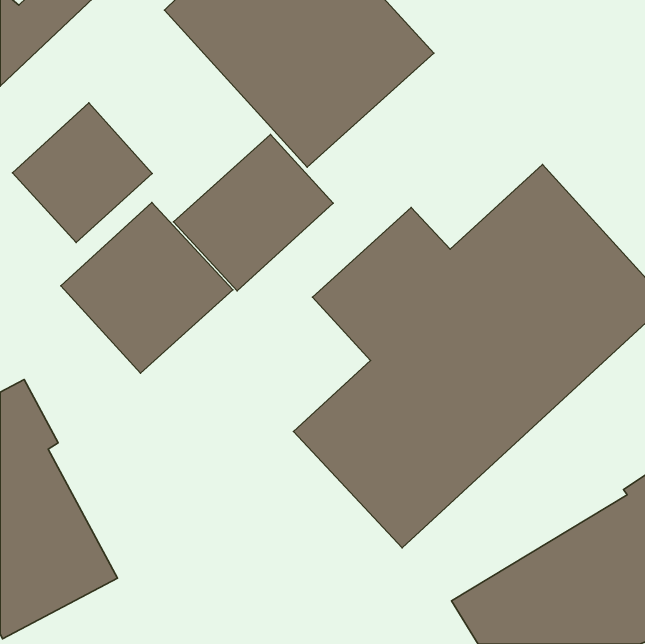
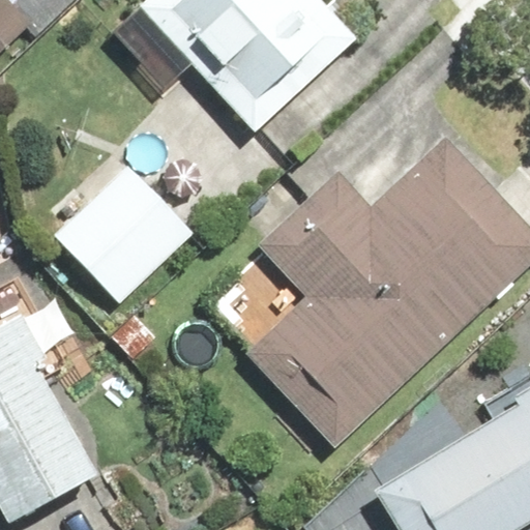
building: [13,103,152,243] -> none
building: [174,134,333,291] -> none

